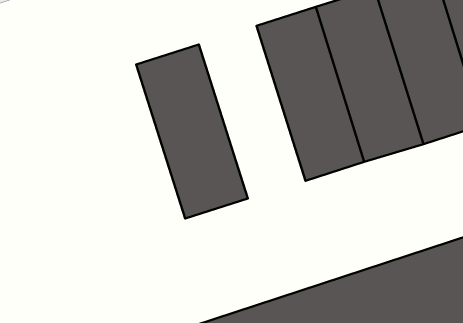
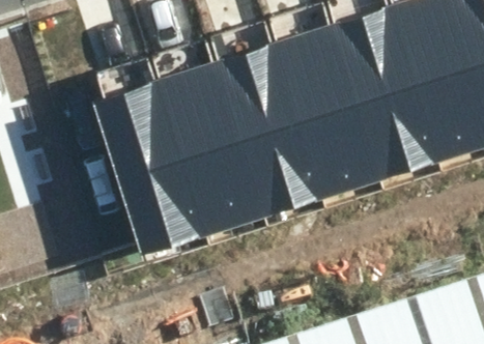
building: none -> [217,45,322,216]
building: none -> [92,83,203,255]

